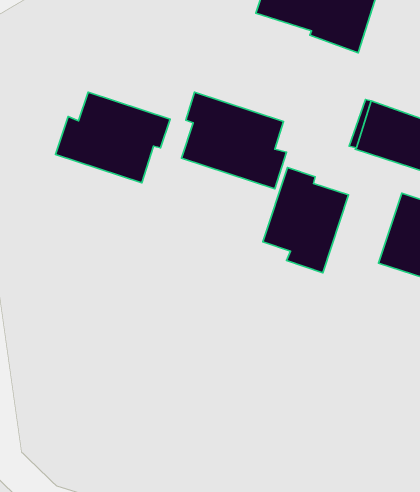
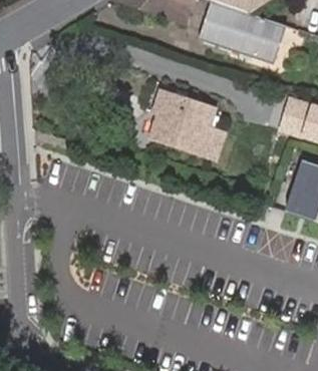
building: [55,92,170,183] -> none
building: [263,168,349,273] -> none

